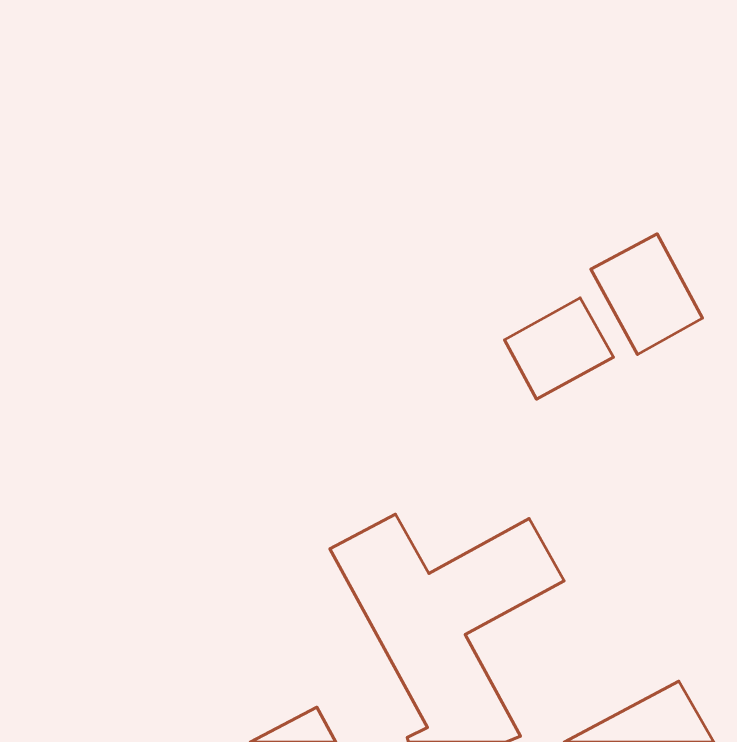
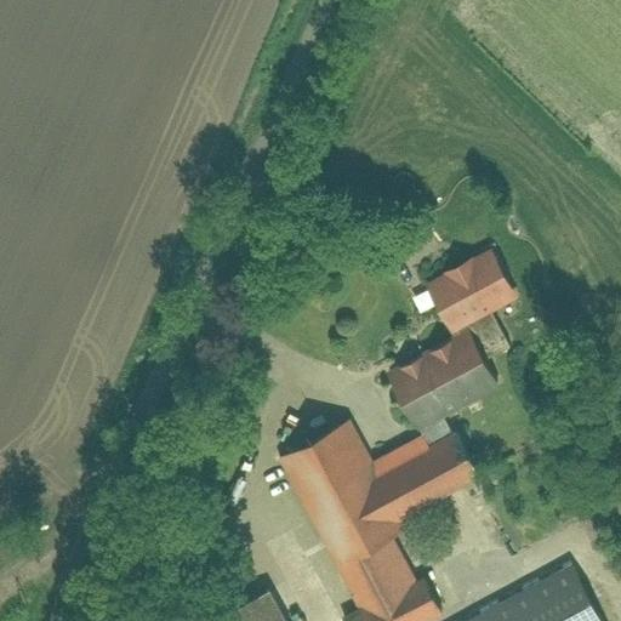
building: [591,234,702,354] -> none
building: none -> [386,332,496,434]

